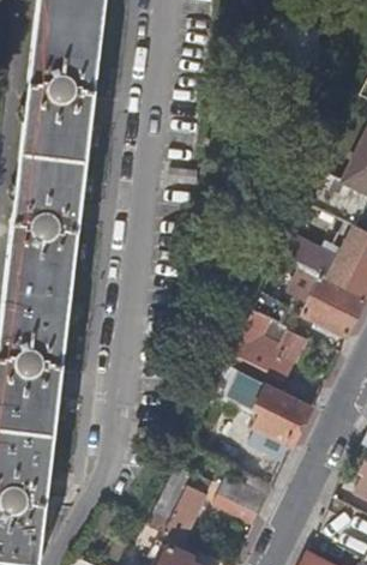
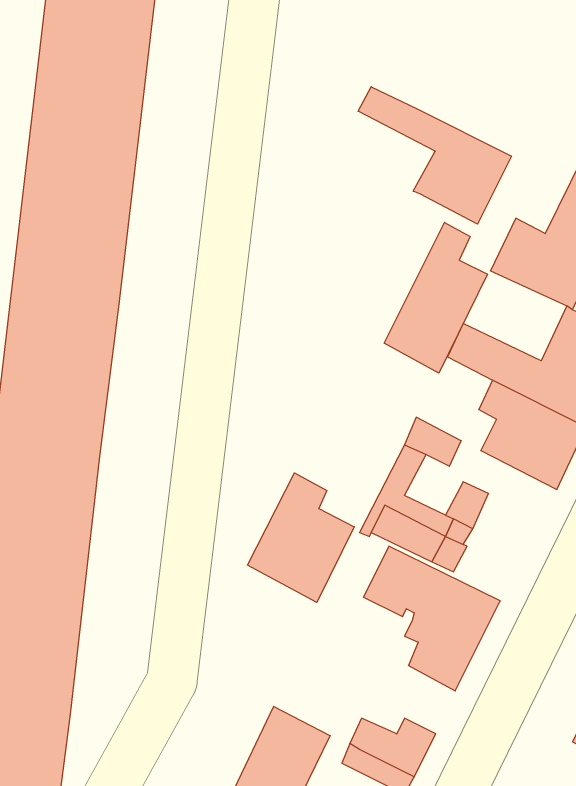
building: none -> [358,87,511,224]
building: none -> [384,222,487,373]
building: none -> [247,473,354,602]

